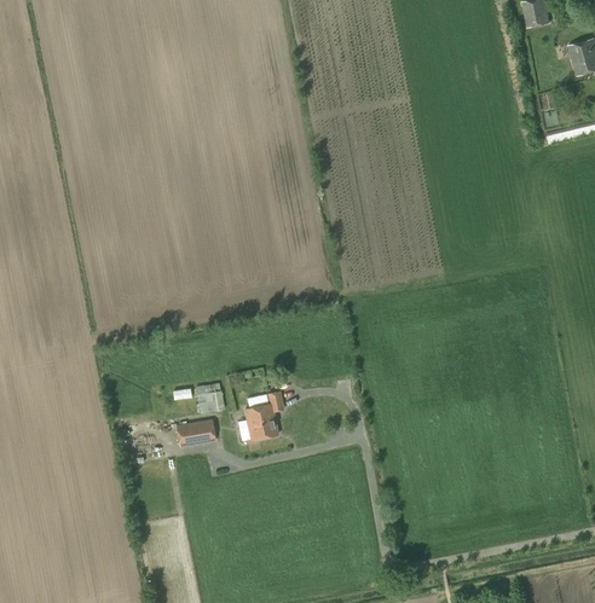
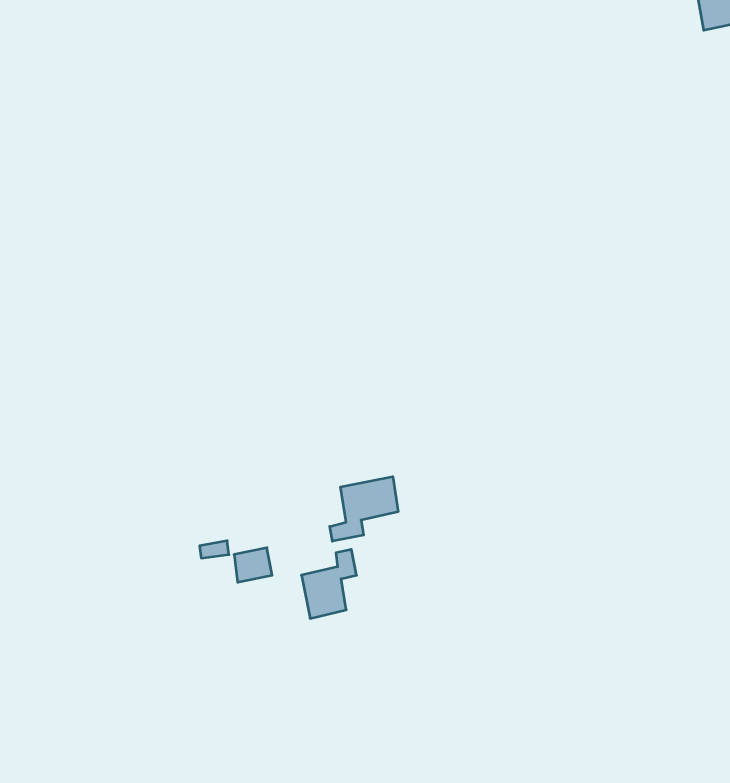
building: none -> [330,477,398,541]
building: [175,418,215,446] -> none

